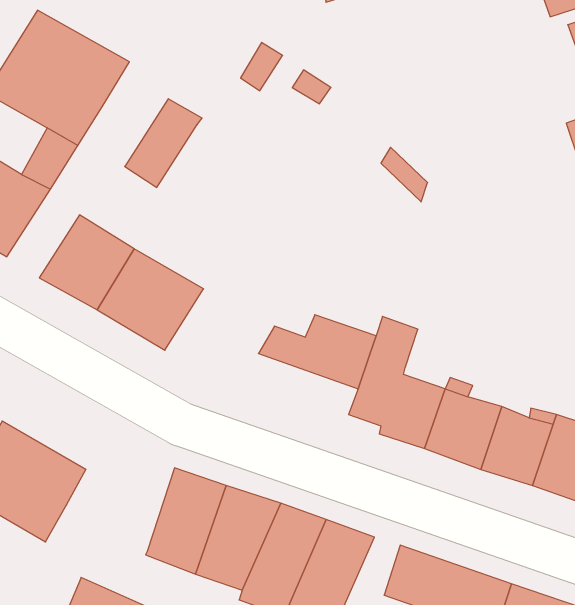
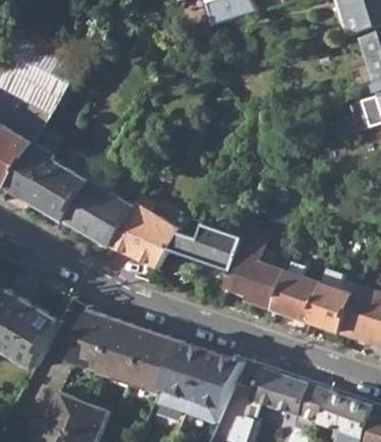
building: [125,99,202,187] -> [7,144,56,200]
building: none -> [107,196,178,268]
building: none -> [57,309,113,373]

